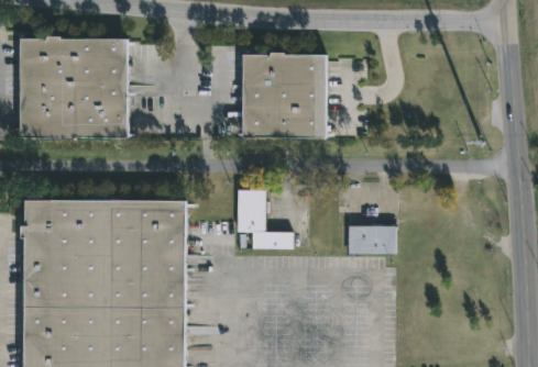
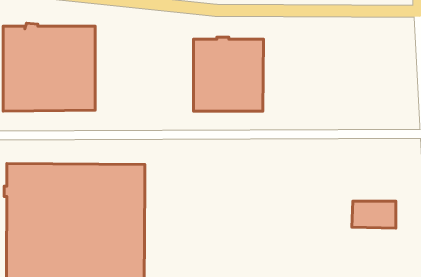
building: [237,189,293,251] -> none
building: [345,225,397,257] -> [352,201,396,228]

